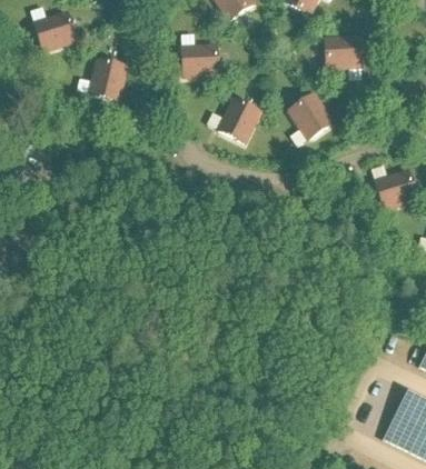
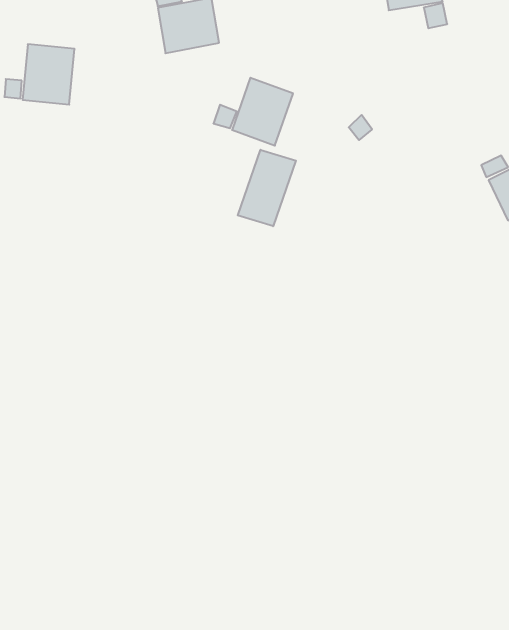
building: [290,92,334,137] -> none
building: none -> [238,150,296,226]

